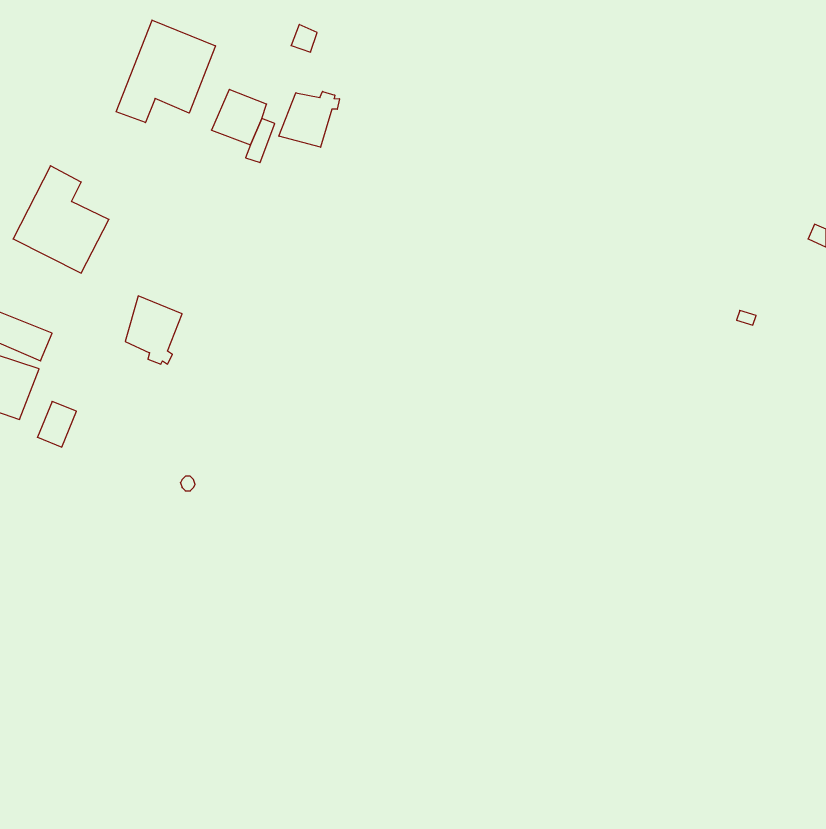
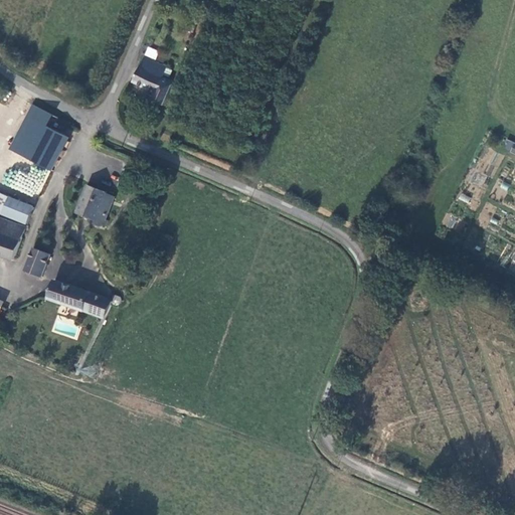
building: [116,20,215,123] -> none
building: [279,91,339,147] -> none
building: none -> [47,282,111,319]

